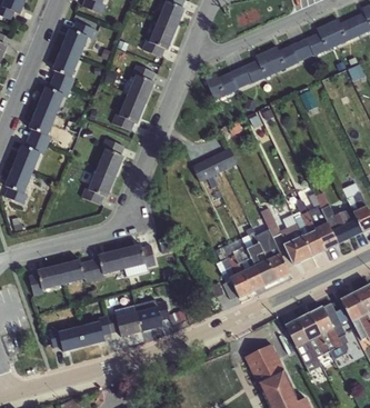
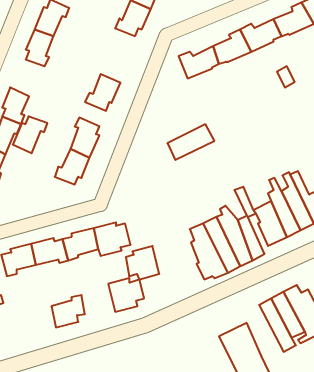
building: [127,64,156,103] -> none
building: [37,80,71,117] -> [13,116,47,153]
building: [108,303,141,337] -> [126,246,159,280]
building: [49,326,82,351] -> none

